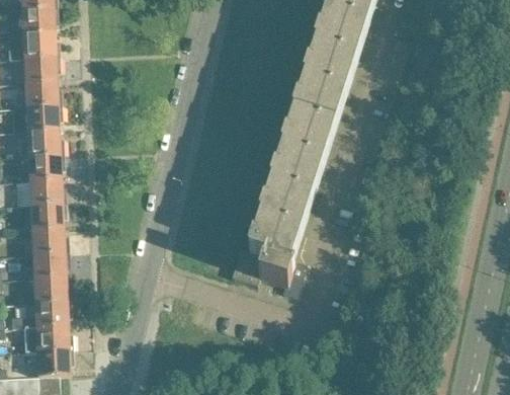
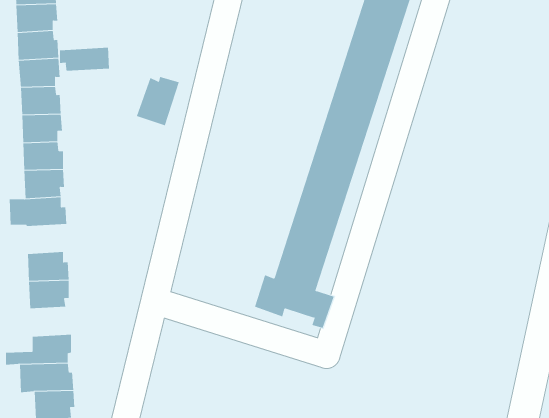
building: none -> [60,47,110,72]
building: none -> [136,76,179,126]
building: [29,202,66,228] -> none
building: [32,274,70,301] -> none

